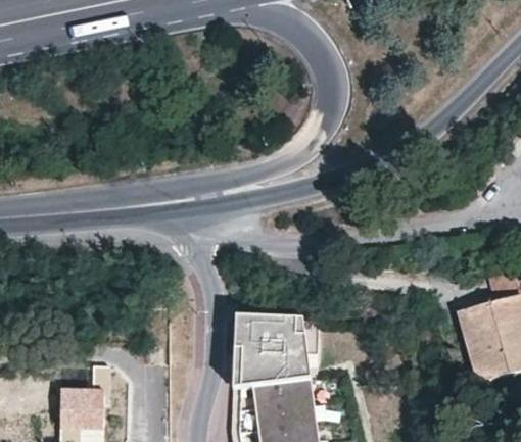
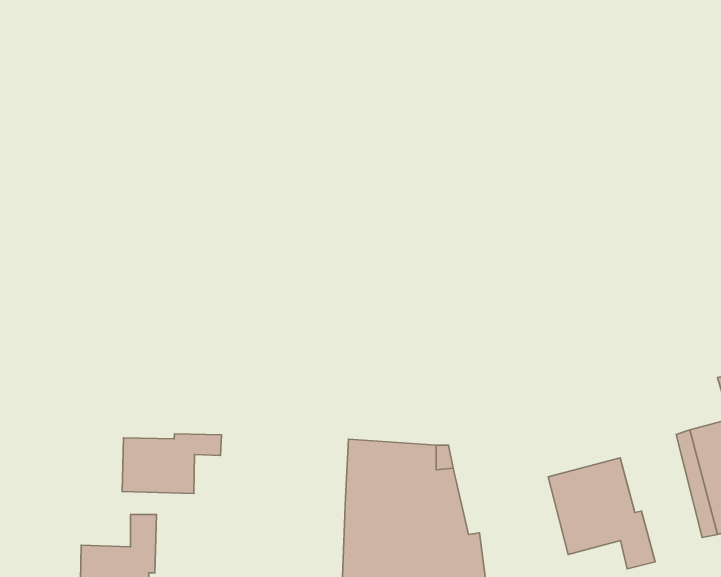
building: none -> [122,434,221,493]
building: none -> [548,458,655,569]

